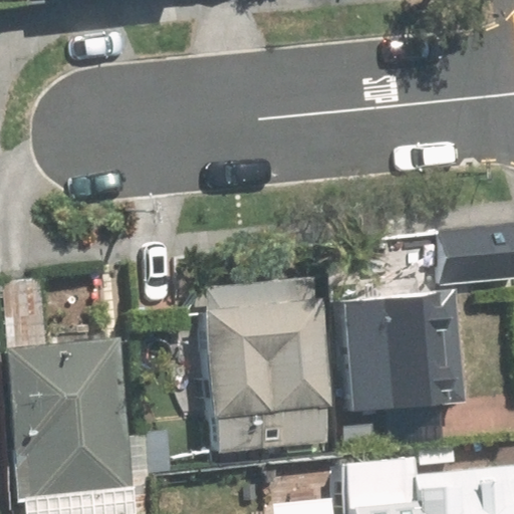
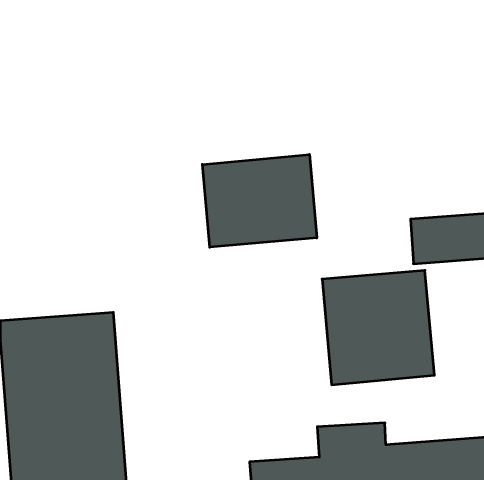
building: none -> [202,154,317,247]
building: [200,277,335,457] -> none

